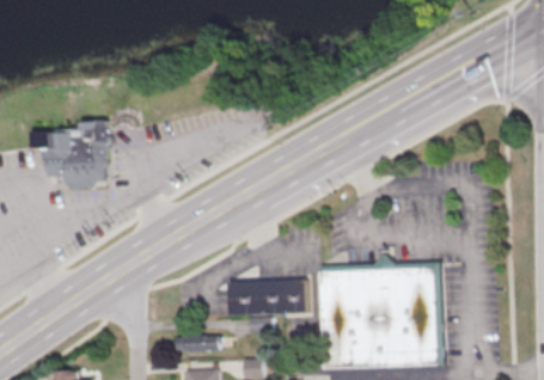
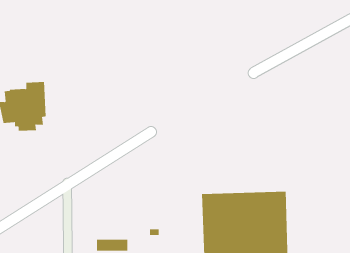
building: [228,278,307,314] -> none

